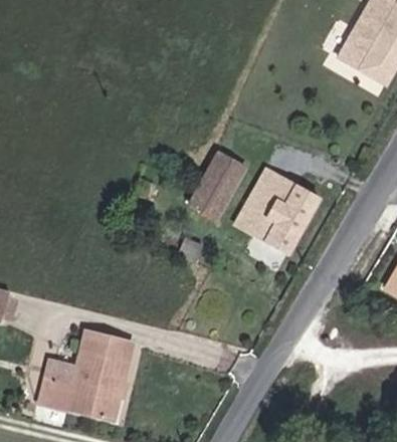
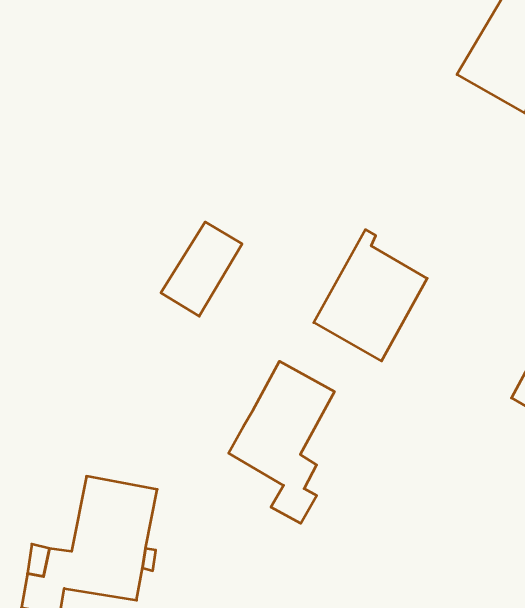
building: [191,155,246,219] -> [161,222,242,316]
building: none -> [229,361,334,523]

